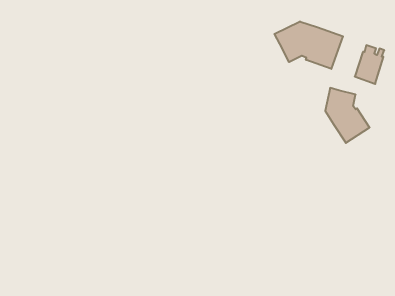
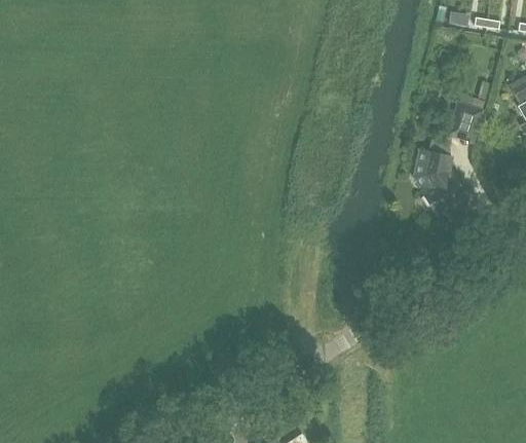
building: [274,21,343,69] -> none

